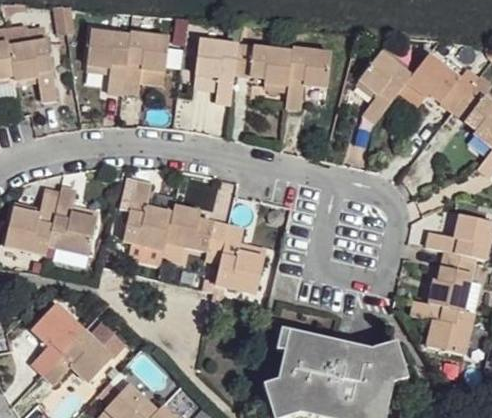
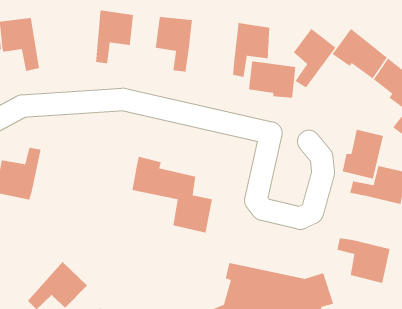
building: [87,28,129,96] -> none
building: [236,41,293,86] -> [248,61,296,98]
building: [119,179,173,250] -> none
building: [49,186,98,256] -> none
building: [429,251,479,311] -> [342,129,384,179]
building: [30,303,85,375] -> none

